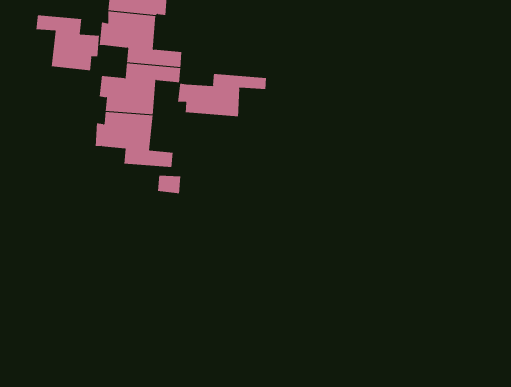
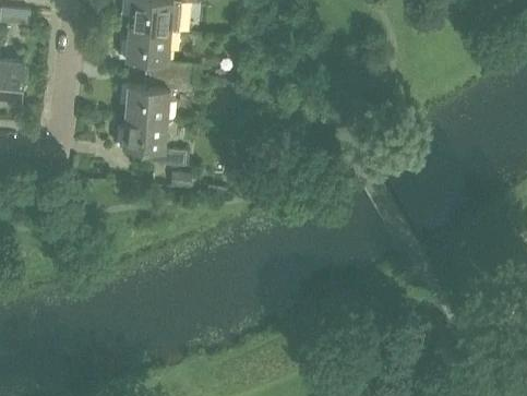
building: [36,14,99,71] -> none
building: [178,73,267,117] -> none

